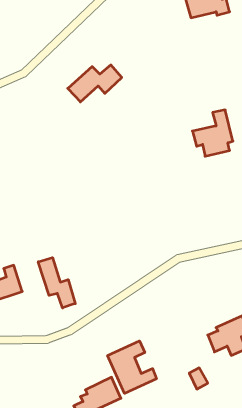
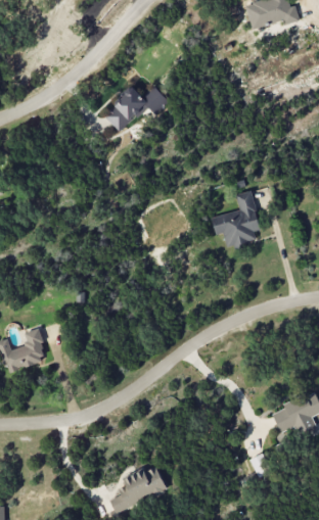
building: [192,110,233,156] -> [211,191,260,247]
building: [38,258,75,308] -> none
building: [108,341,156,393] -> none

